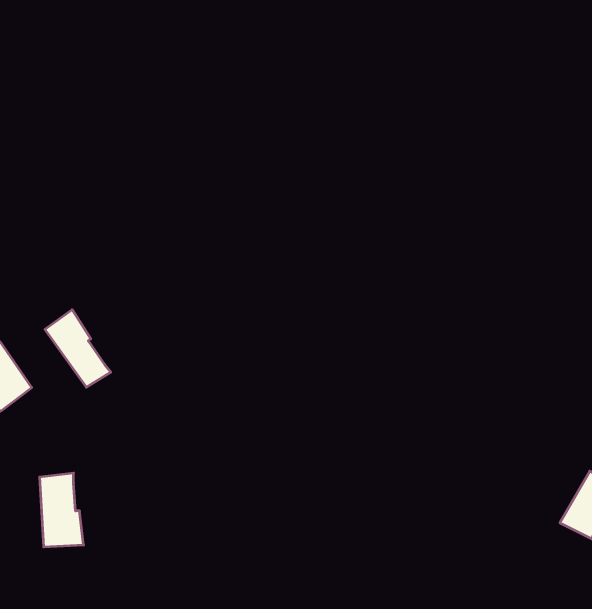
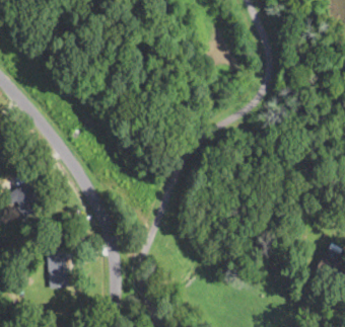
building: [45,310,111,387] -> none

